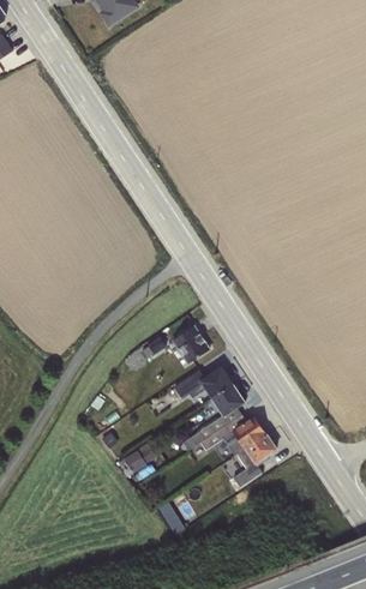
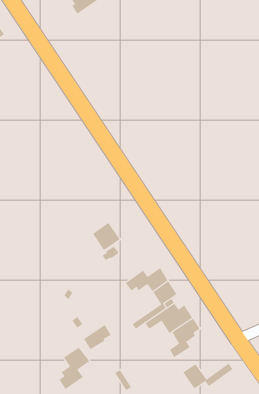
building: [170,325,209,363] -> [92,222,120,251]
building: none -> [59,347,90,390]
building: none -> [183,363,233,389]

